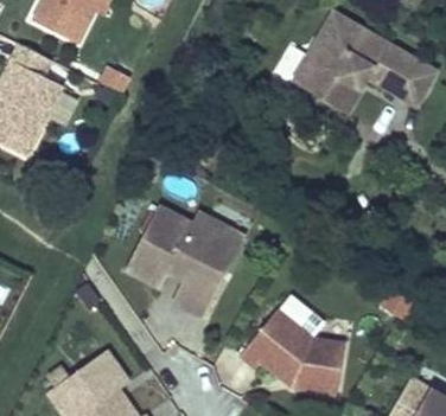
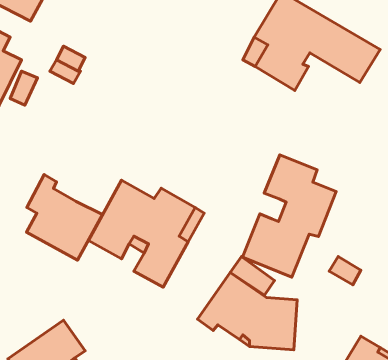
building: none -> [242,155,336,277]
building: none -> [26,175,103,260]

